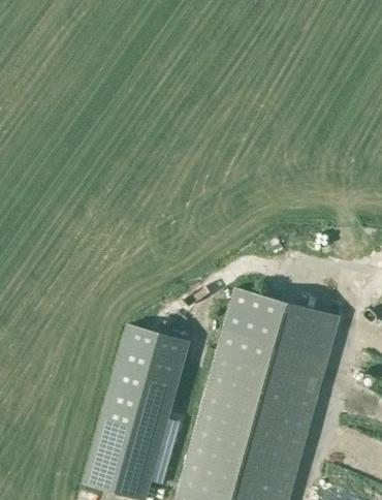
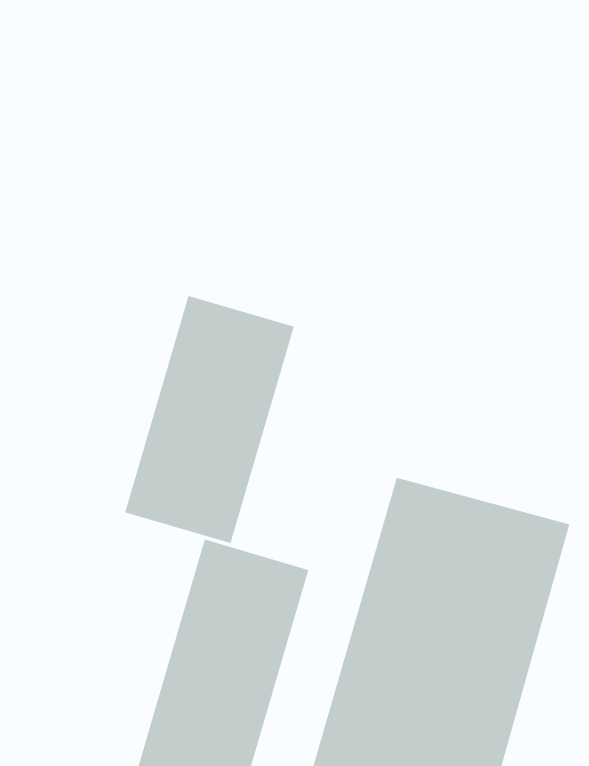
building: none -> [125,295,294,544]

